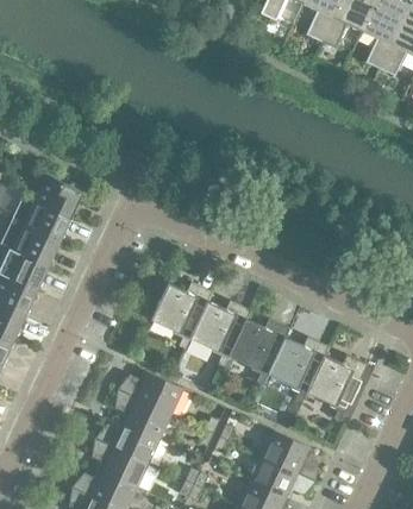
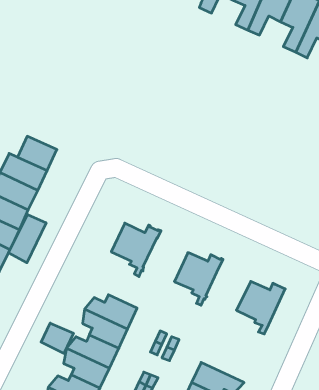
building: none -> [8,214,46,263]
building: [190,301,251,367] -> none
building: [269,338,330,403] -> none
building: none -> [41,323,73,353]
building: [263,432,319,482] -> none

